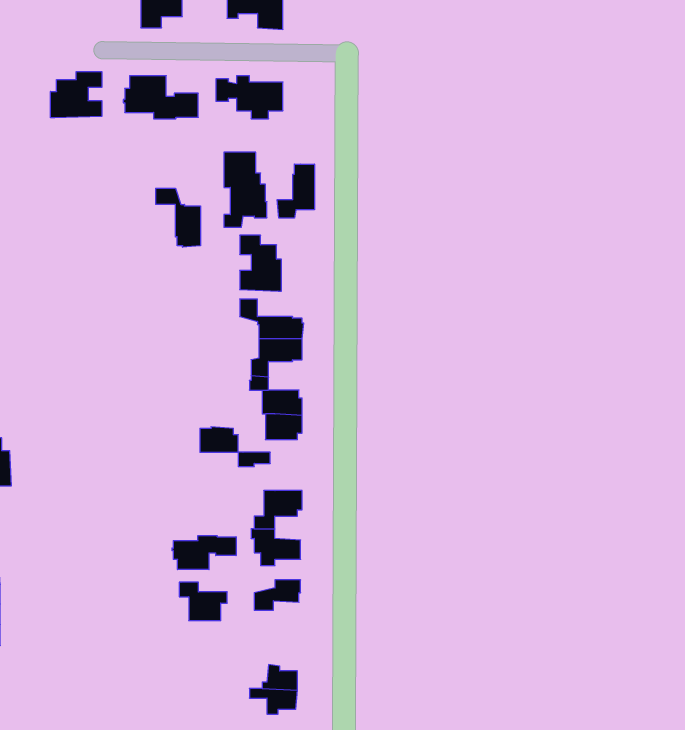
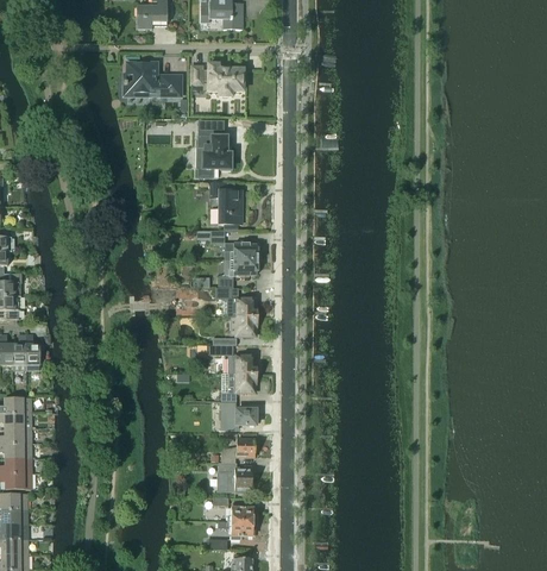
building: [51,72,102,118] -> none
building: [277,164,314,218] -> none
building: [156,188,200,247] -> none
building: [200,427,238,452] -> [227,354,256,374]
building: [172,536,236,570] -> none
building: [179,582,227,621] -> [219,463,254,491]

